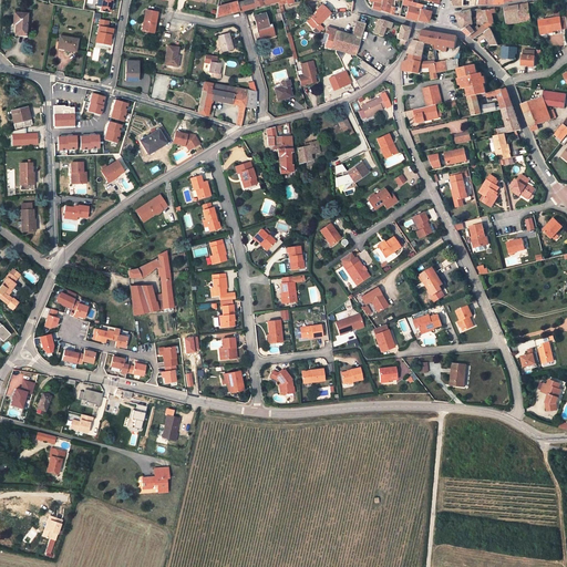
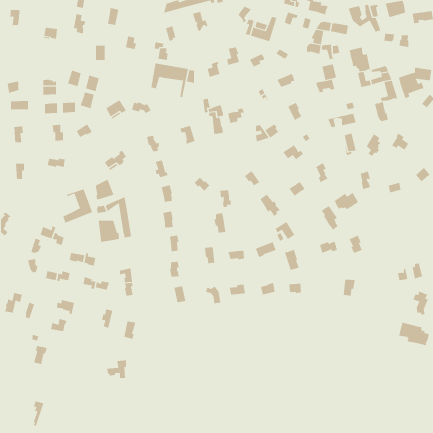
building: none -> [95,179,114,200]
building: none -> [63,188,93,223]
building: none -> [333,192,359,210]
building: none -> [398,322,429,346]

